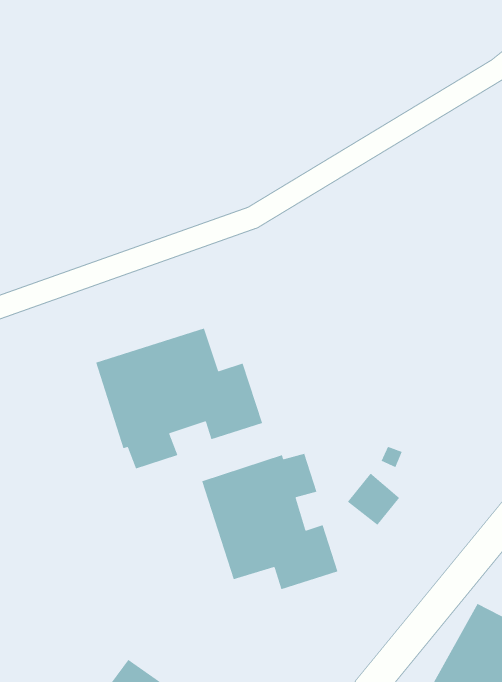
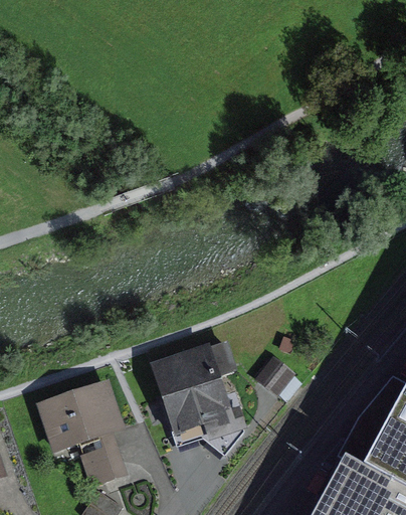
building: [95,327,263,469] -> none
building: none -> [35,381,126,487]

